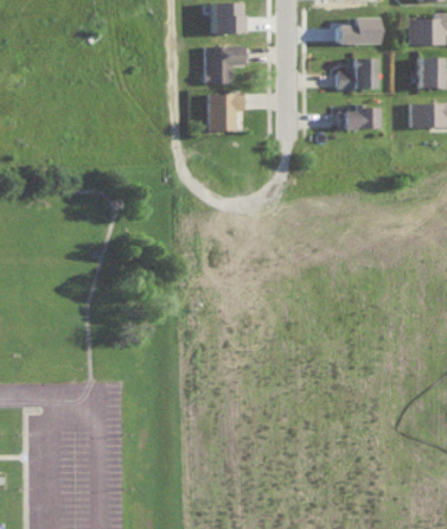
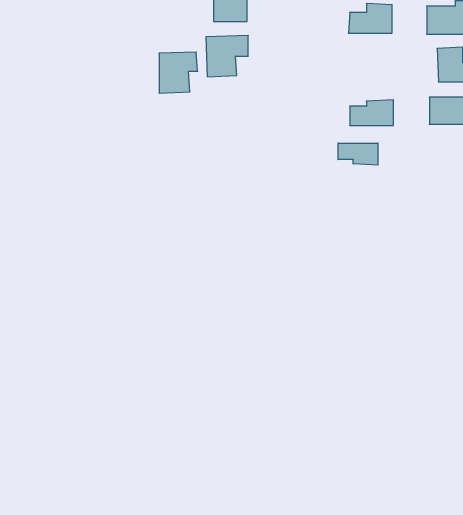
building: [333,58,371,90] -> none
building: [204,94,240,132] -> [159,52,198,93]
building: none -> [338,143,378,165]

